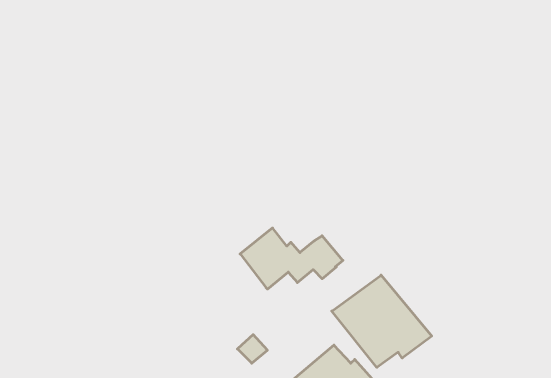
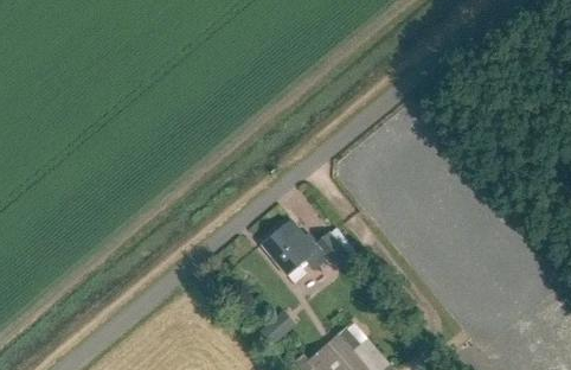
building: [332,275,432,367] -> none

